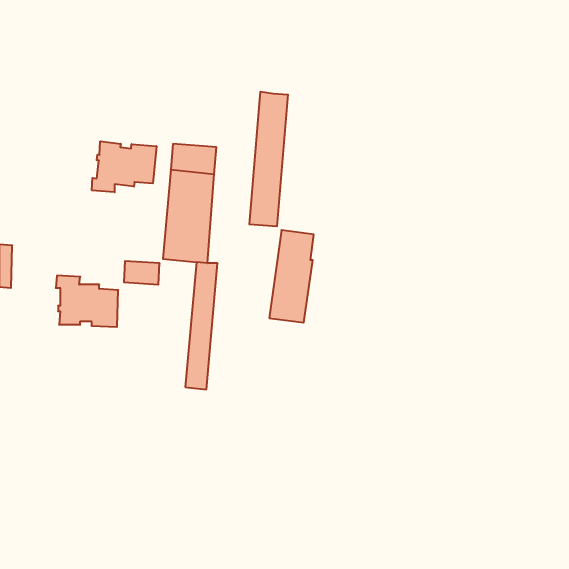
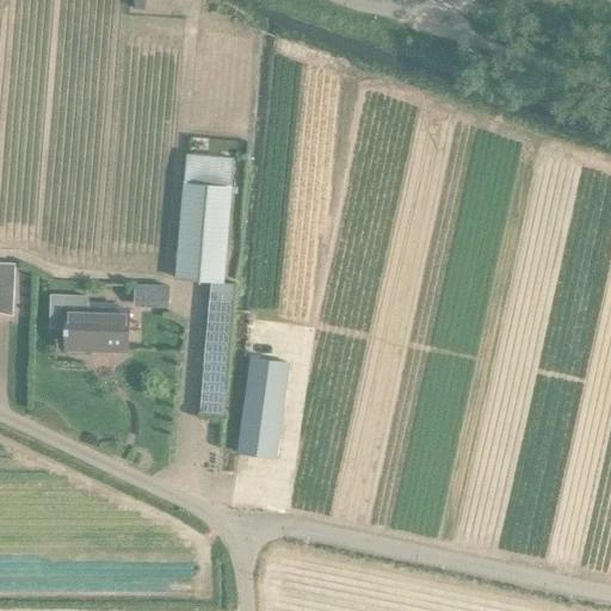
building: [249,92,288,226] -> none
building: [92,141,156,192] -> none
building: [269,230,314,323] -> [236,359,284,458]

